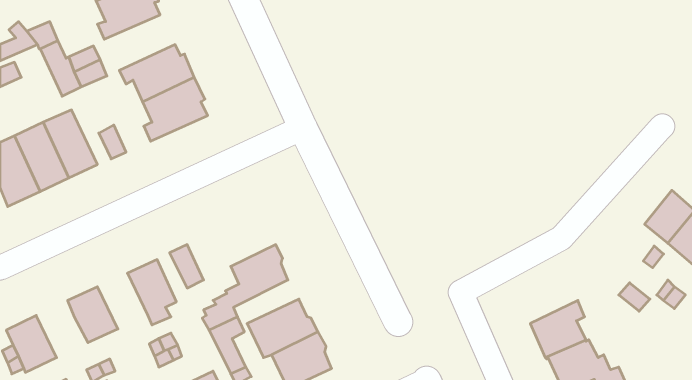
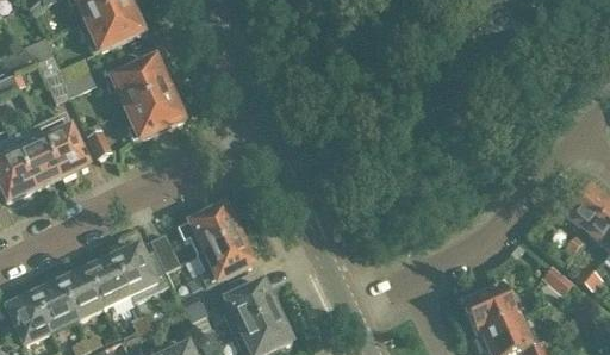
building: none -> [176,204,243,251]
building: none -> [87,257,131,306]
building: none -> [33,281,79,331]

